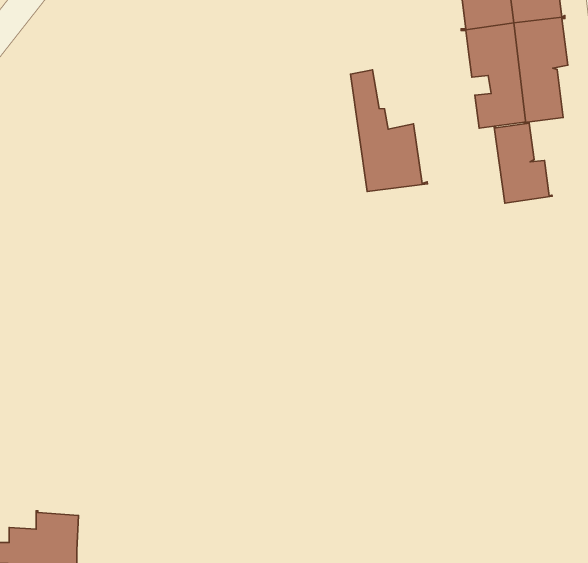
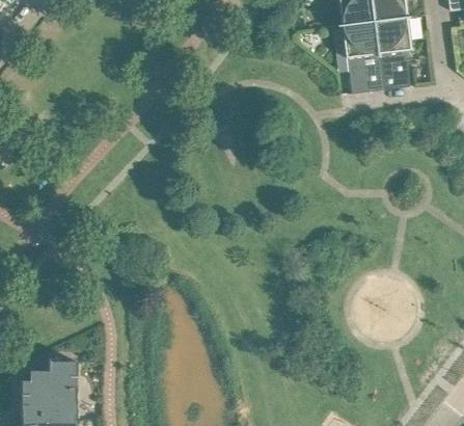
building: [350,70,428,191] -> none
building: [494,123,552,203] -> none

